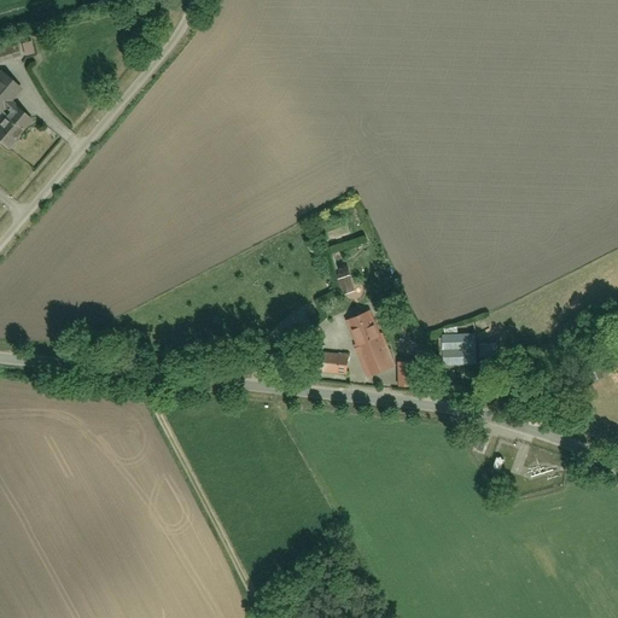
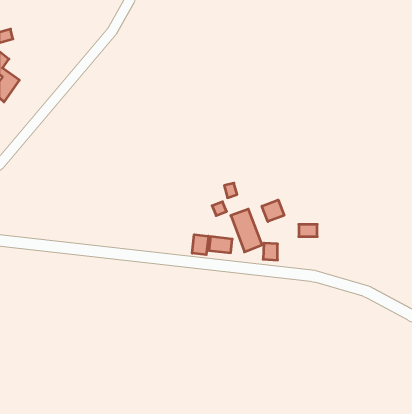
building: none -> [262,200,284,222]
building: none -> [192,235,208,255]

